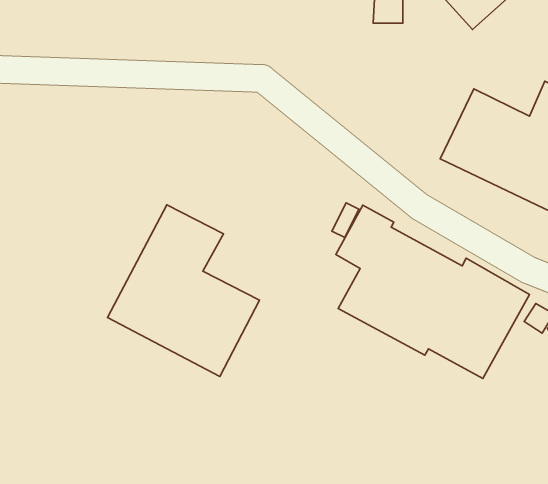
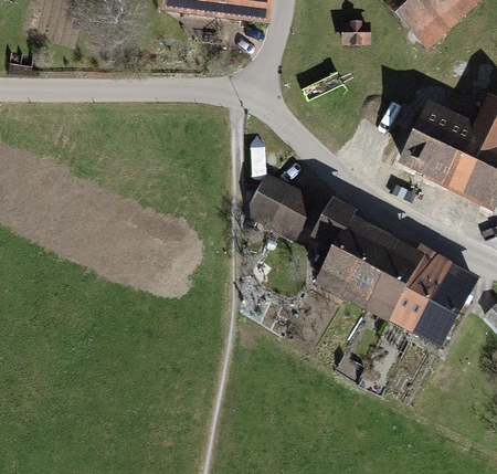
building: none -> [245,171,313,235]
building: [108,205,259,376] -> none

